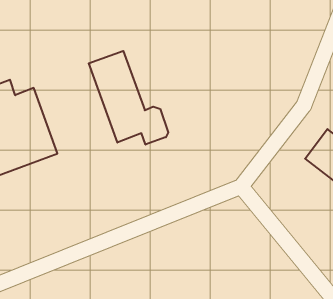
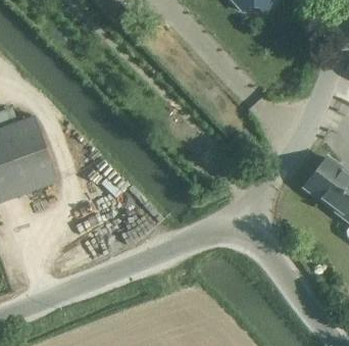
building: [89,51,168,145] -> none

